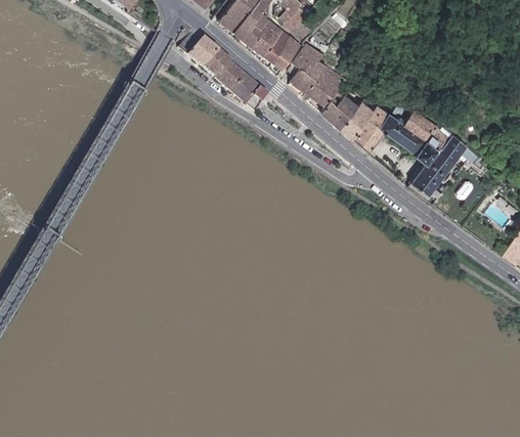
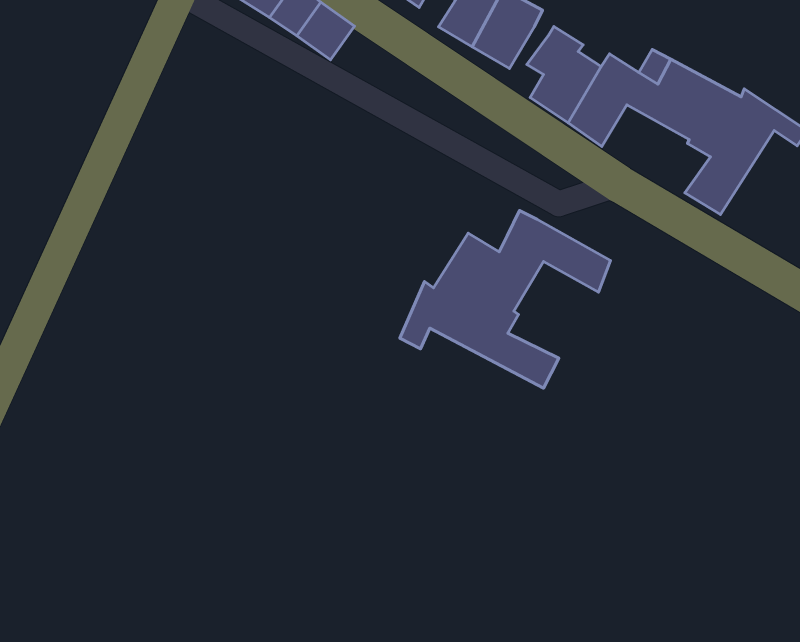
building: [232,77,267,113] -> none
building: [321,87,348,124] -> none
building: none -> [400,210,611,388]

